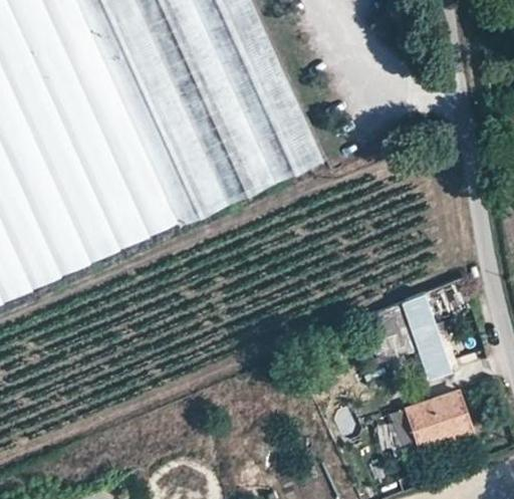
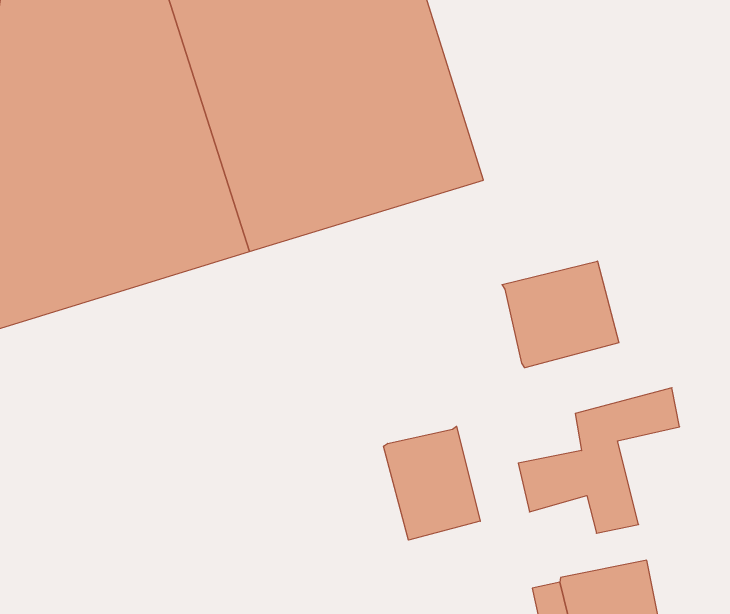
building: none -> [502,261,619,368]
building: none -> [384,426,480,540]

